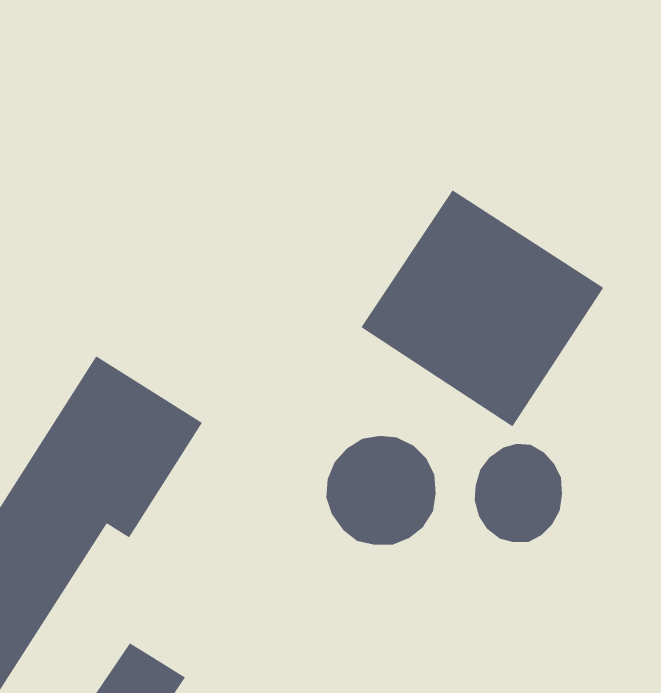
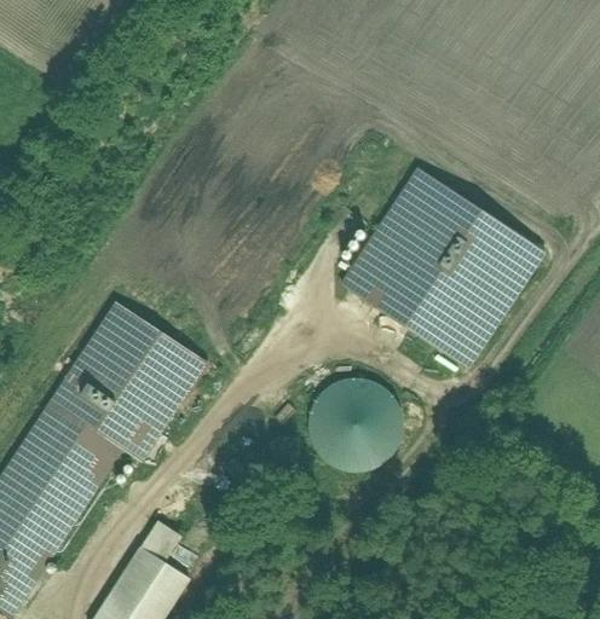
building: [474,443,562,543] -> none
building: none -> [139,526,180,568]

